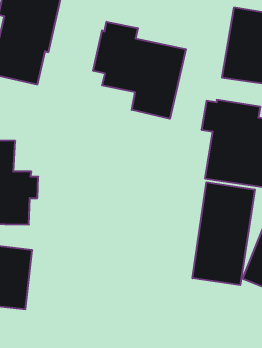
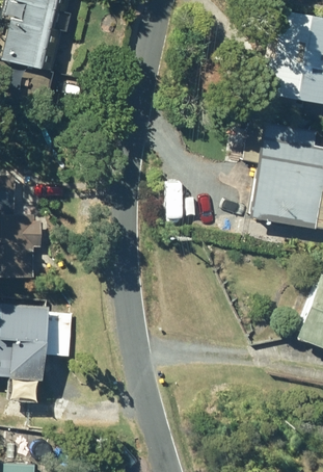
building: [93,22,186,119] -> none
building: [193,182,255,285] -> none

